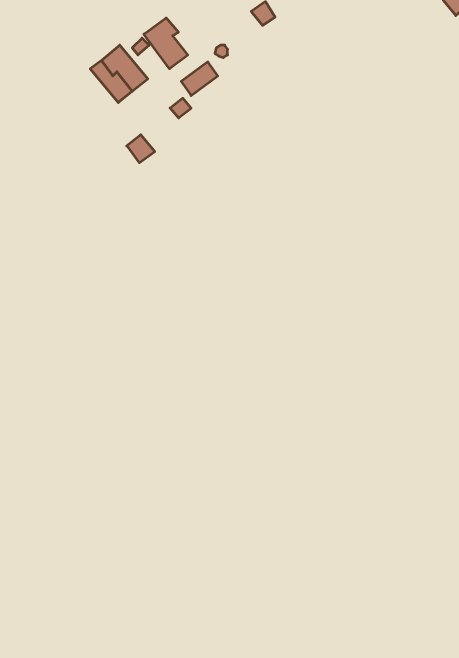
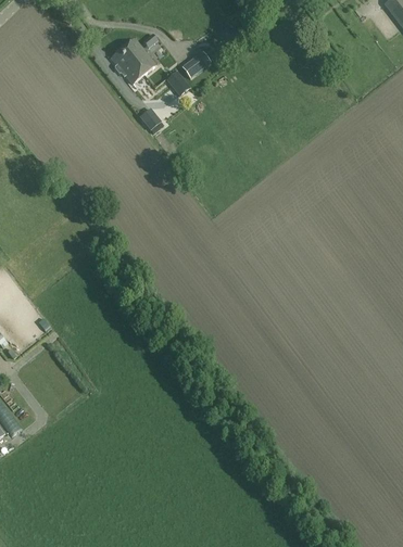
building: [144,18,188,69] -> none

